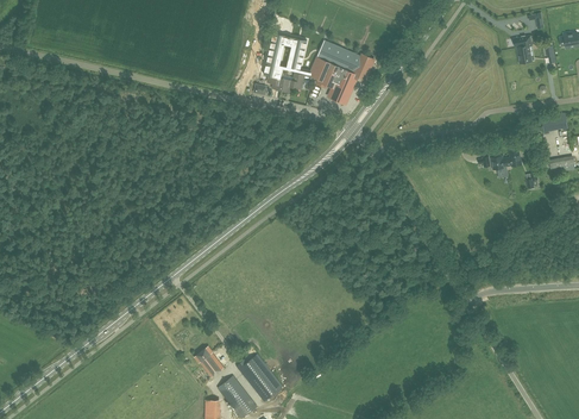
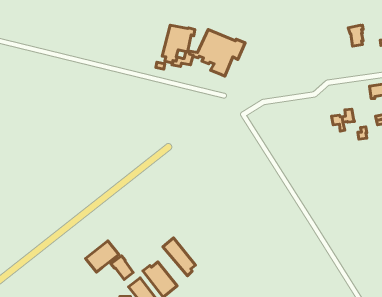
building: none -> [163,238,196,276]
building: none -> [86,241,119,272]

